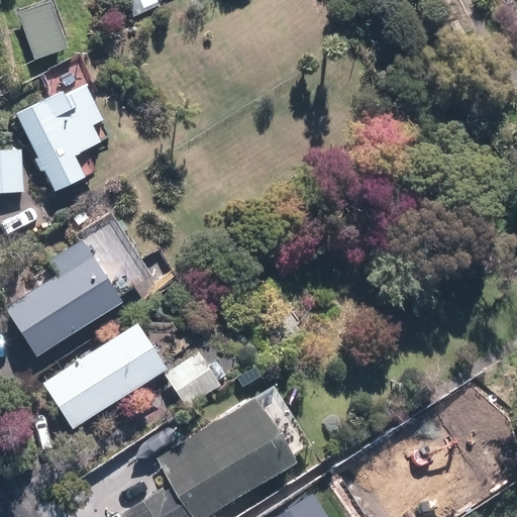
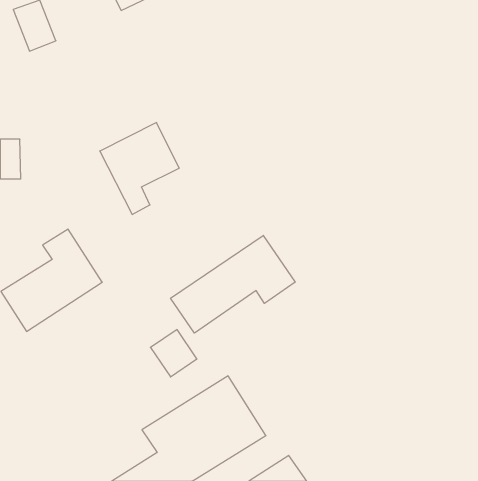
building: [21,88,106,186] -> [100,123,179,214]
building: none -> [171,235,295,333]
building: [46,326,162,426] -> none

